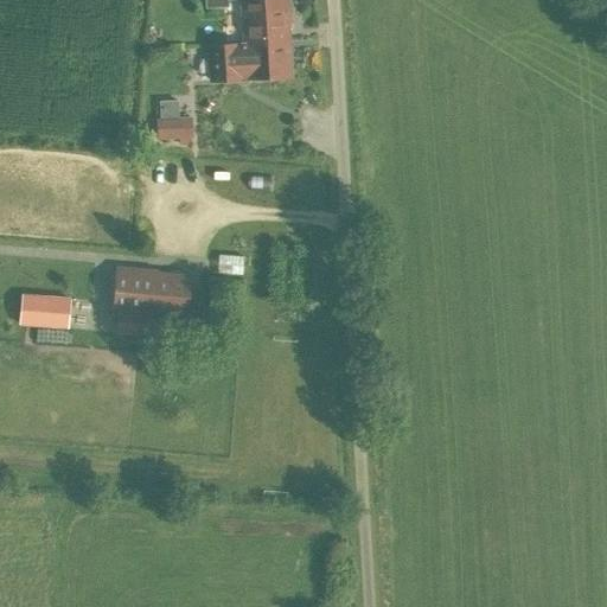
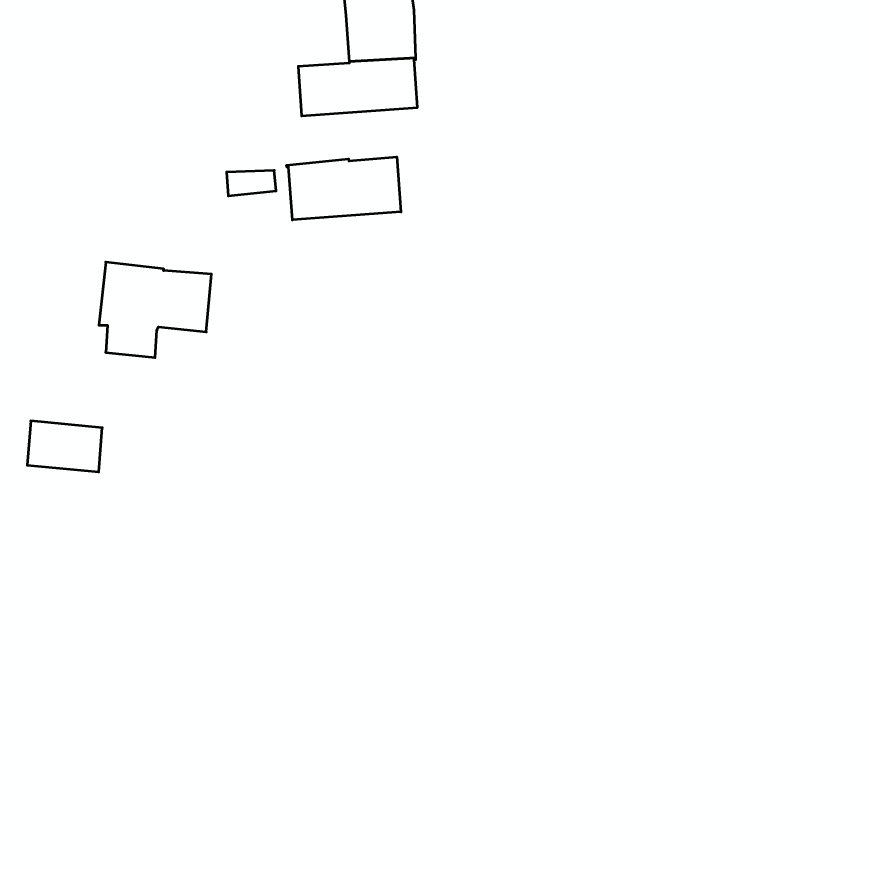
building: none -> [287,157,401,220]
building: [113,267,191,333] -> [99,262,211,358]

